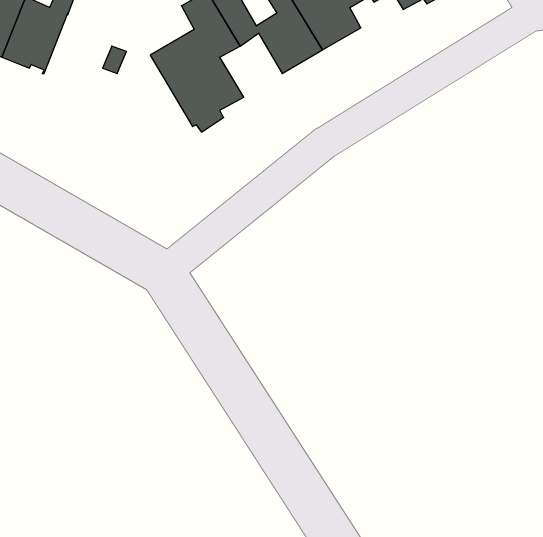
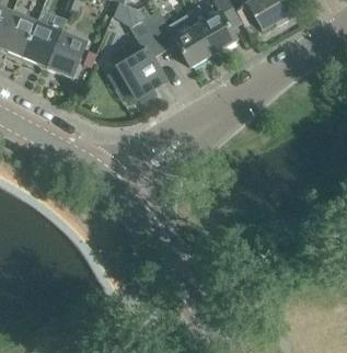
building: none -> [47,31,86,78]

